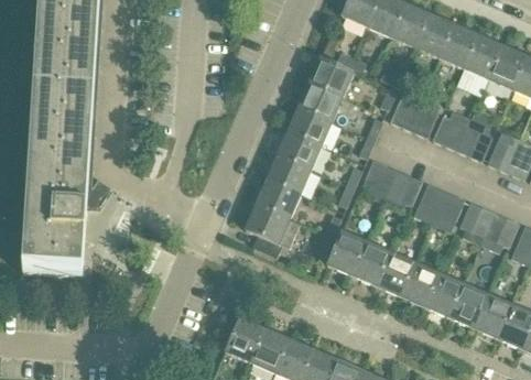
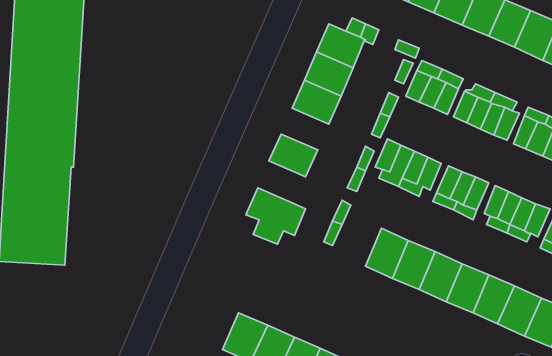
building: [277,133,319,171] -> none
building: [256,181,299,219] -> none
building: [327,230,367,275] -> none

